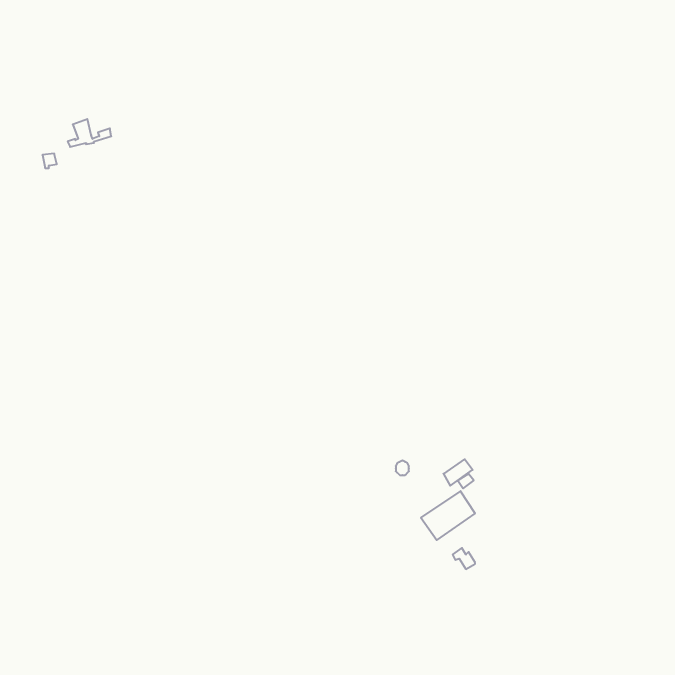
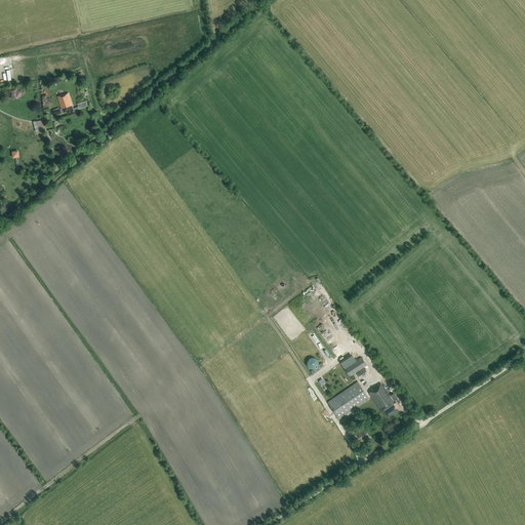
building: none -> [367,382,396,416]

